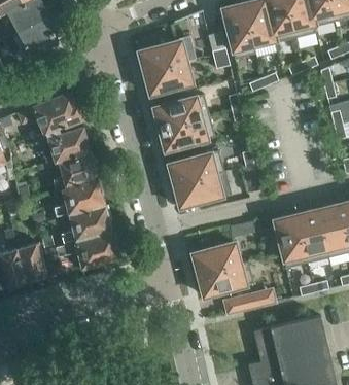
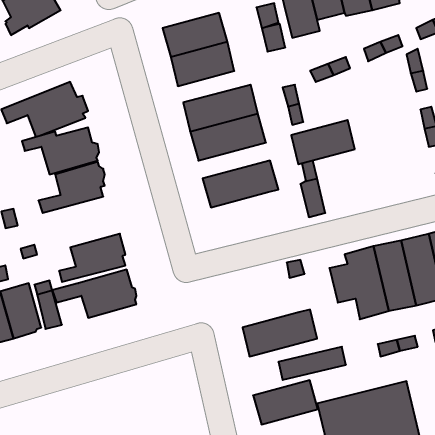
building: [174,174,221,207] -> [291,120,355,164]
building: [53,179,105,215] -> none
building: [191,242,240,275] -> [253,380,318,424]

